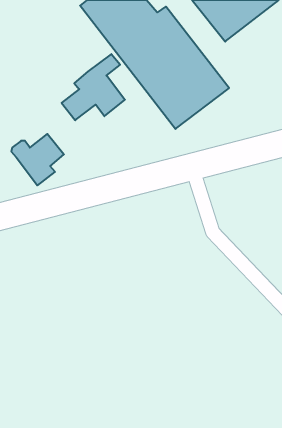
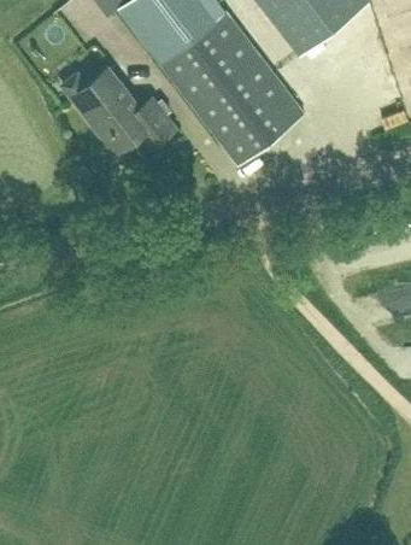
building: [11,134,64,185] -> [64,68,129,131]

